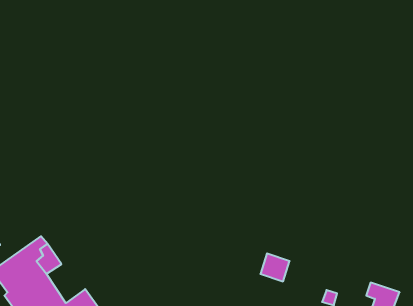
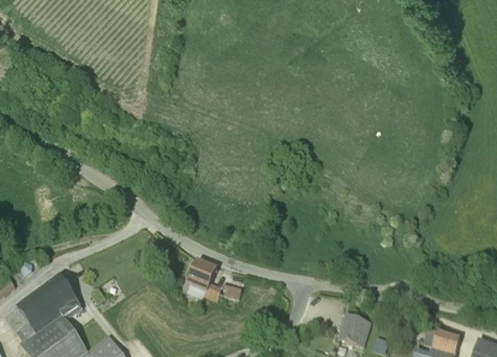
building: none -> [186,260,240,299]
building: [260,253,290,281] -> [337,314,370,345]

